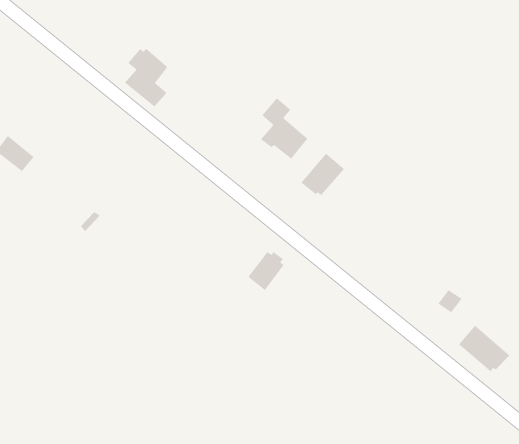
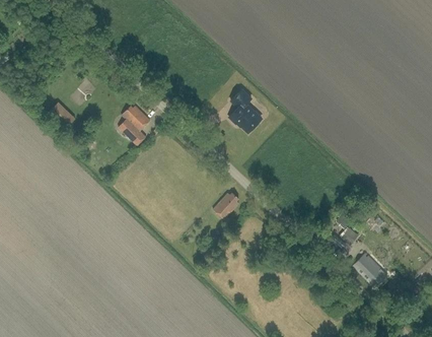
building: [124,48,168,107] -> [119,106,149,146]
building: [300,153,345,196] -> none

